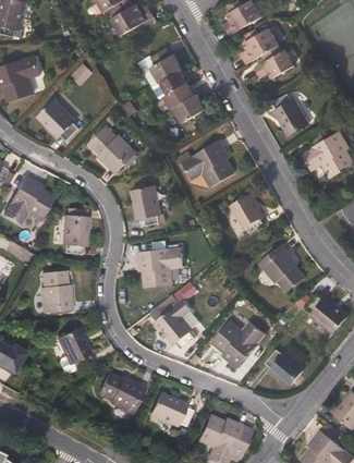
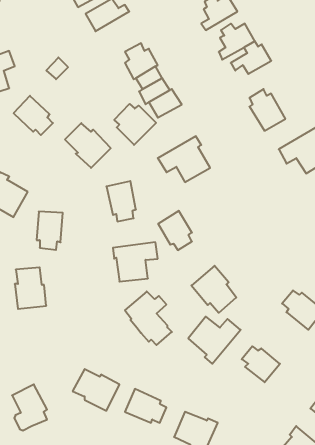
building: none -> [114,104,156,145]
building: [231,193,265,232] -> [158,211,192,250]
building: [260,244,305,291] -> [191,266,236,313]
building: [57,328,91,374] -> [12,384,47,430]

